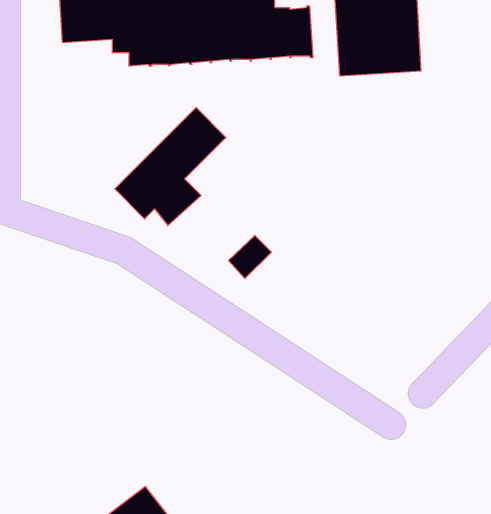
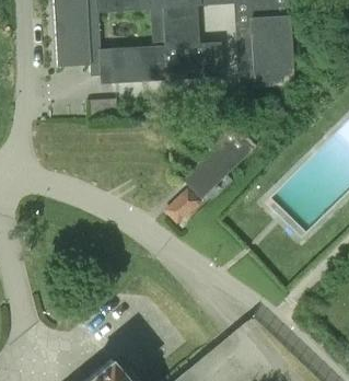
building: [115,107,226,226] -> [179,123,253,200]

